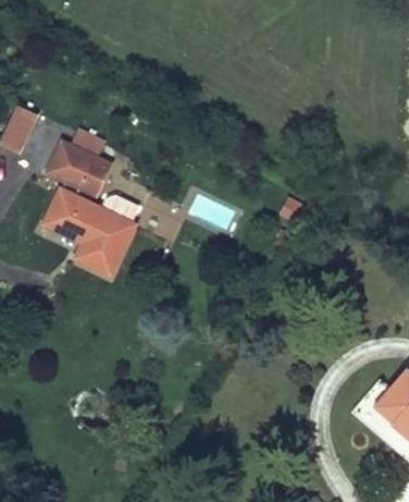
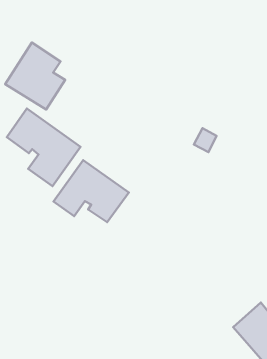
building: none -> [54,160,129,222]

